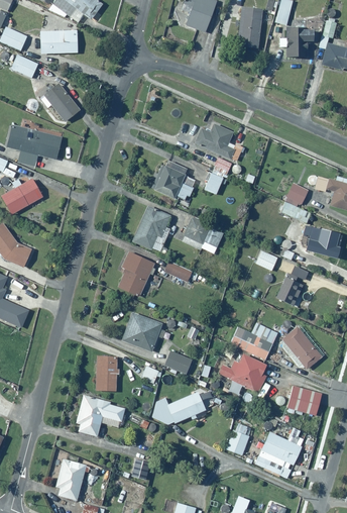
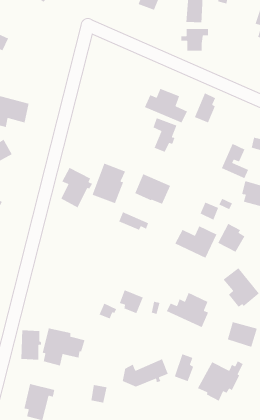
building: [39,30,77,53] -> none
building: [280,32,313,59] -> [180,28,209,51]
building: [39,80,80,121] -> none
building: none -> [194,92,216,123]
building: [152,164,194,200] -> none
building: [119,248,156,296] -> [60,167,93,208]
building: [121,313,167,350] -> none
building: [228,322,277,361] -> [174,225,217,259]
building: [95,355,119,391] -> [21,329,42,361]
building: [151,391,205,424] -> [122,358,169,388]

